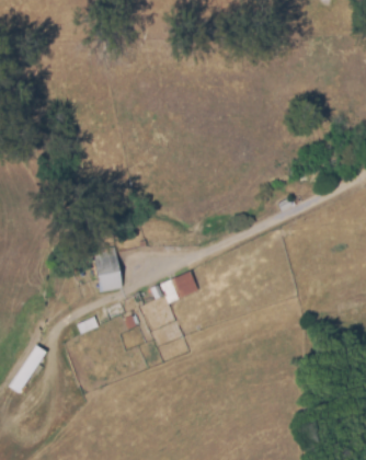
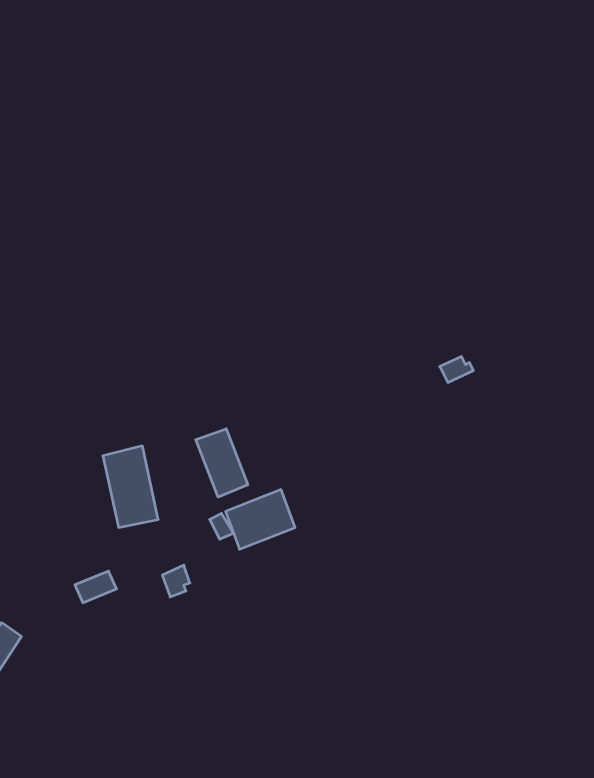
building: none -> [196,429,248,497]

